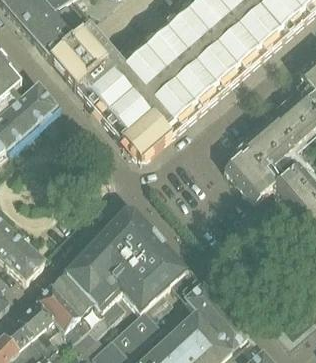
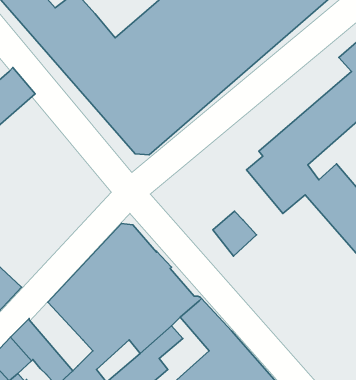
building: none -> [213,211,257,256]
building: [51,273,102,328] -> none

